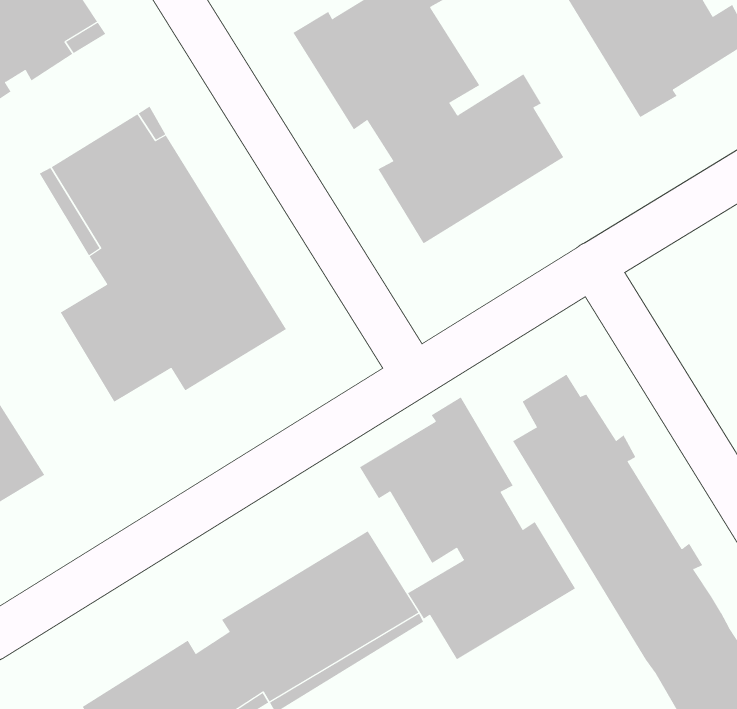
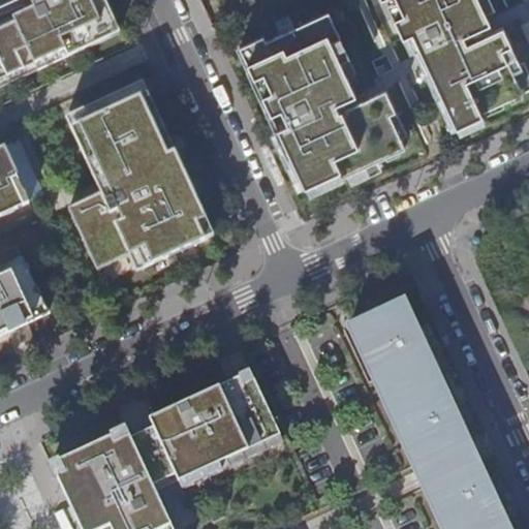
building: [359,397,576,660] -> none

